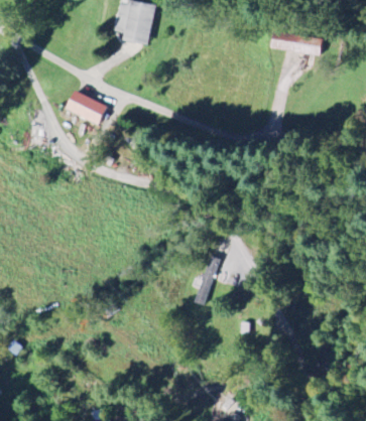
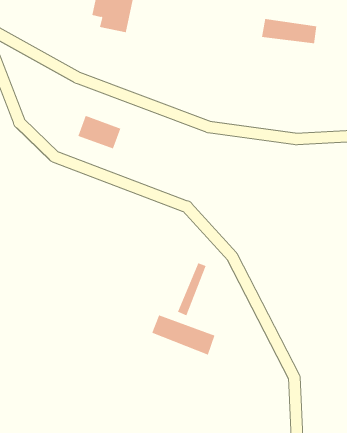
building: [66,92,106,123] -> [78,115,121,149]
building: none -> [152,315,215,356]

